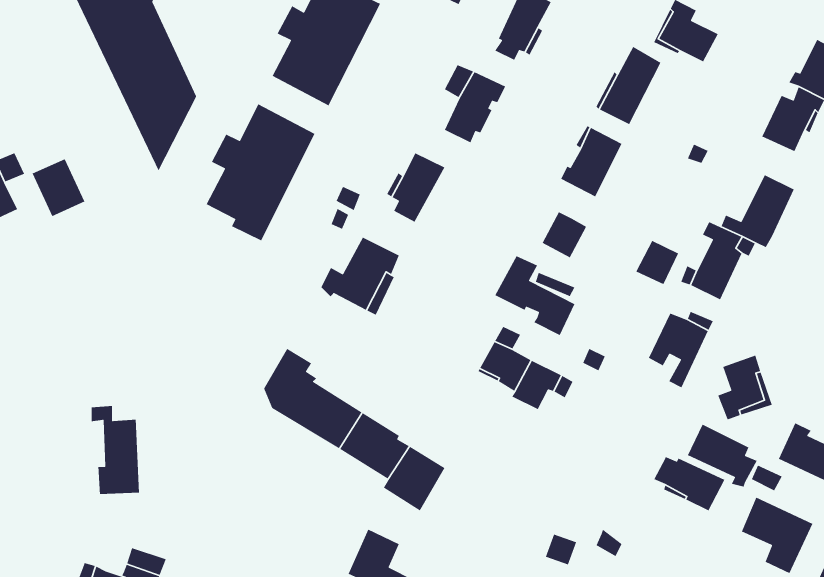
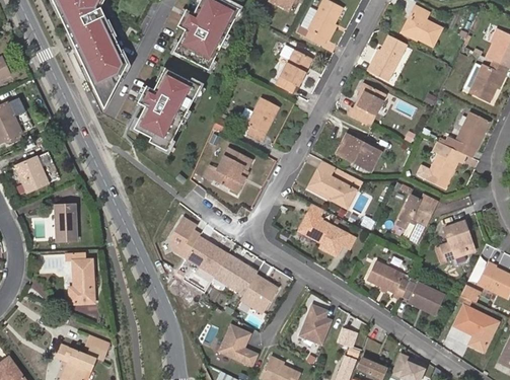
building: [31,158,86,217] -> [15,157,48,193]
building: [635,240,679,285] -> [353,143,379,170]
building: none -> [55,204,76,241]
building: [687,423,758,488] -> [367,259,410,298]
building: none -> [299,305,332,345]

